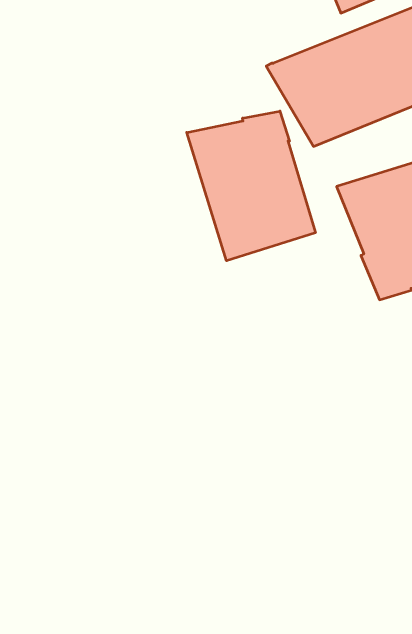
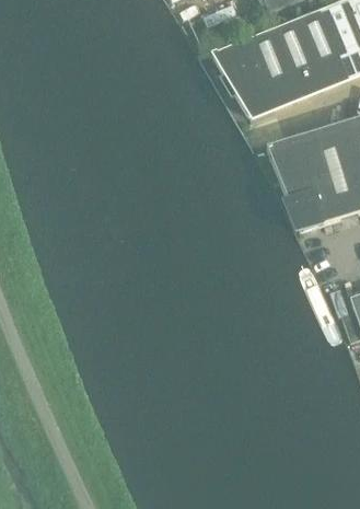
building: [187,111,315,261] -> none

